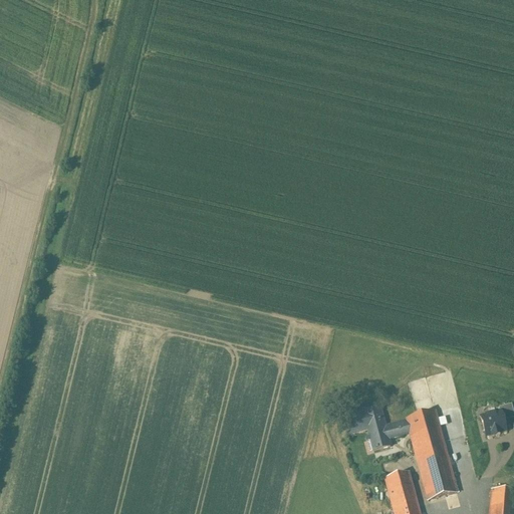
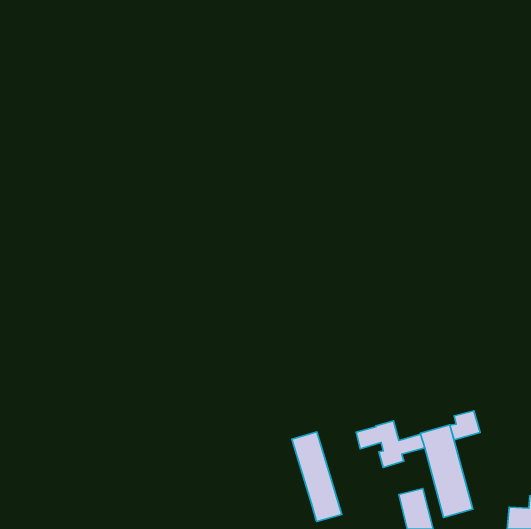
building: [479,409,508,437] -> [450,411,480,440]
building: none -> [292,432,342,522]

